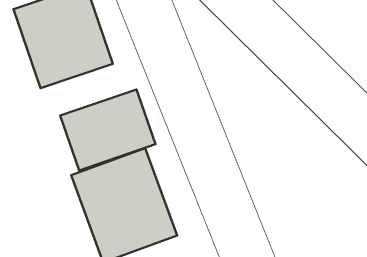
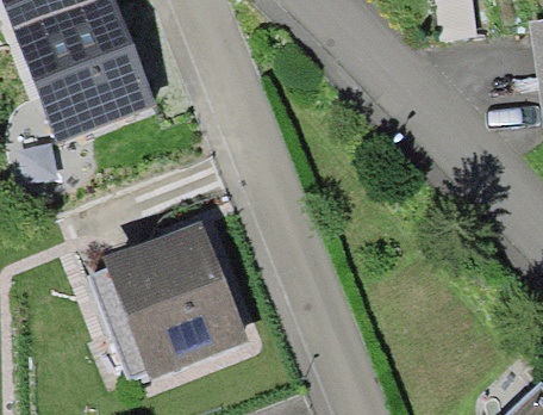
building: [60,89,156,170] -> none

